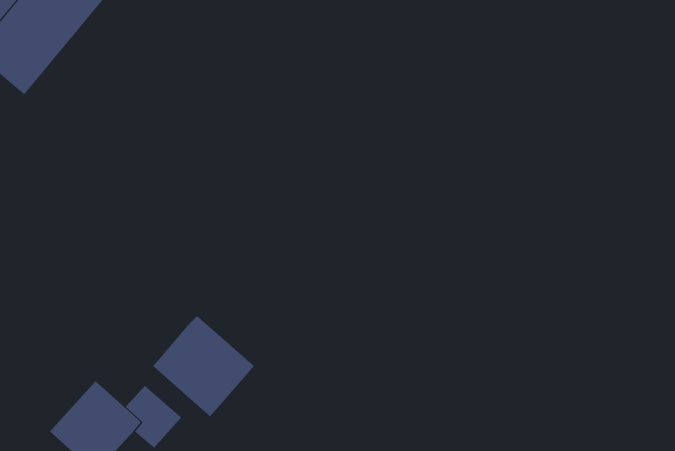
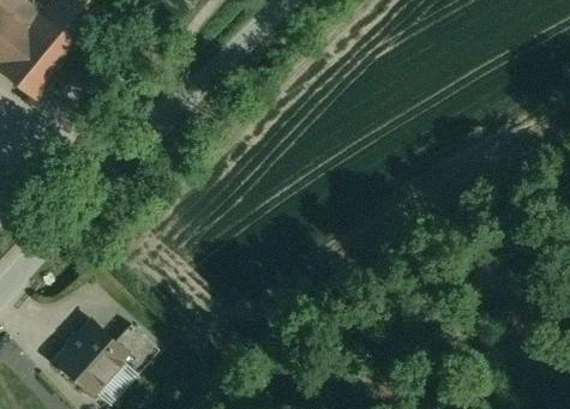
building: [153,315,255,417] -> none

